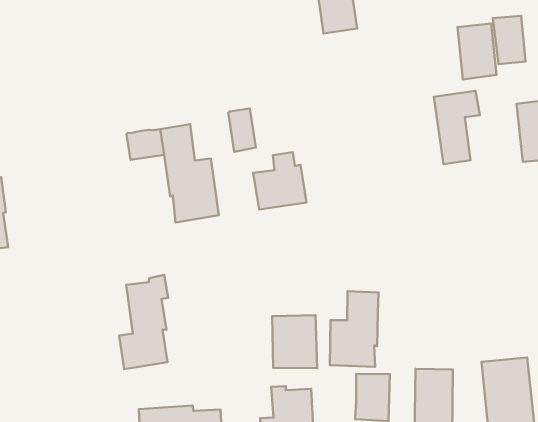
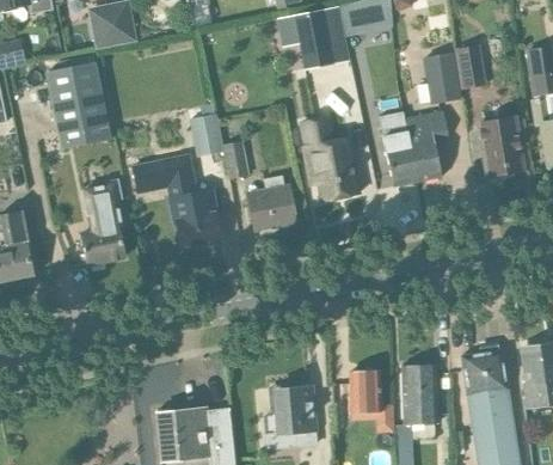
building: none -> [49,67,111,149]
building: none -> [190,114,223,155]
building: none -> [379,111,418,185]
building: none -> [299,116,360,201]
building: [119,275,168,369] -> [81,178,125,264]
building: [330,291,378,367] -> none
building: [272,315,317,368] -> none

